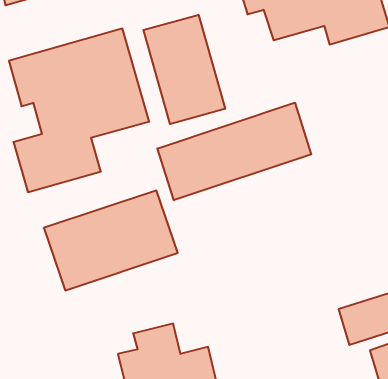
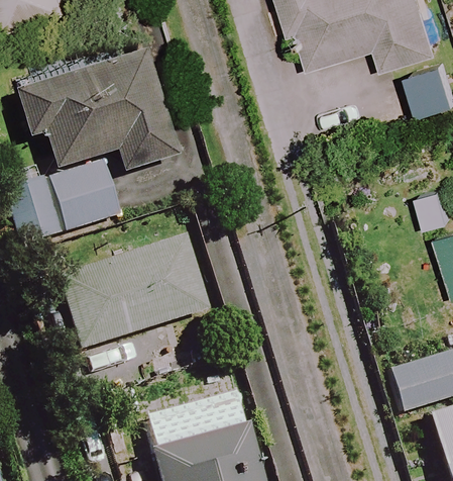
building: [143,15,225,124] -> none
building: [157,103,311,200] -> none

